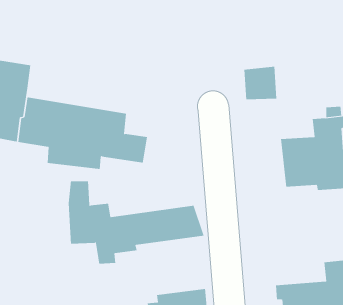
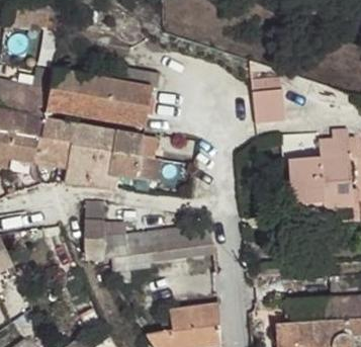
building: none -> [47,67,160,126]

